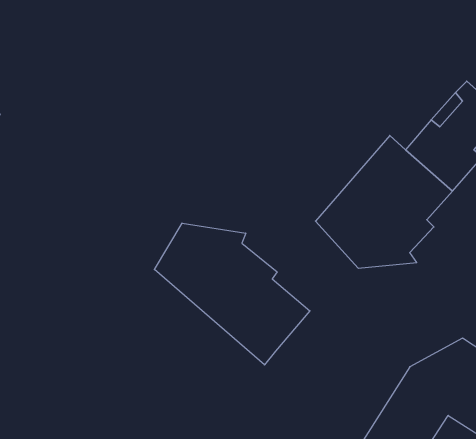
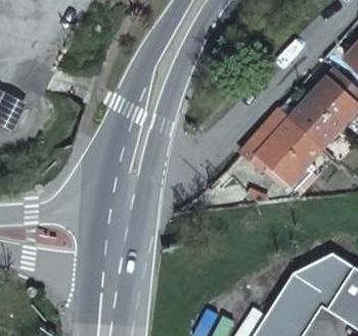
building: [154,223,310,365] -> none

